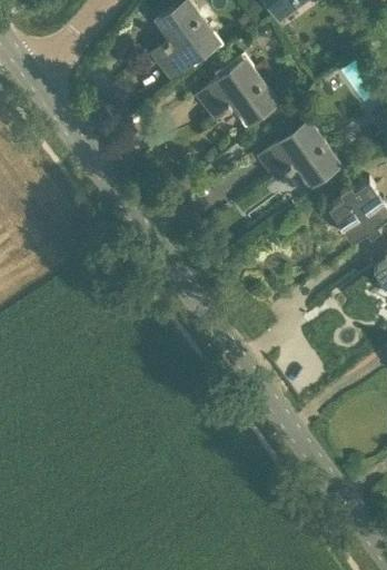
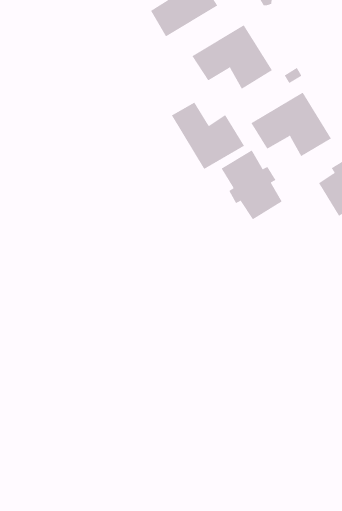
building: none -> [171,102,245,170]
building: none -> [221,149,283,220]

